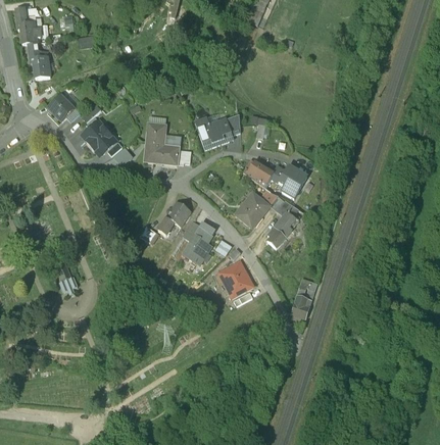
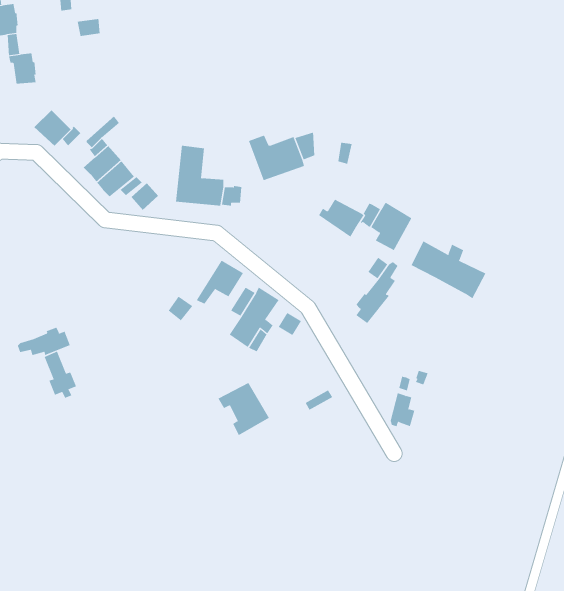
building: none -> [411,241,486,299]
building: [234,191,270,225] -> none
building: none -> [17,327,70,356]
building: [217,258,253,295] -> [218,382,270,436]

